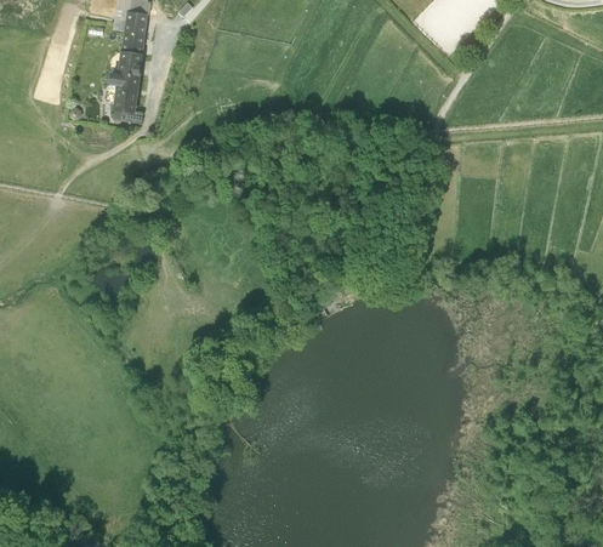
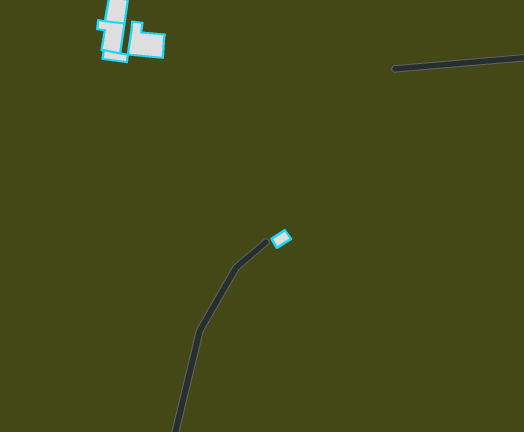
building: none -> [128,22,165,58]

